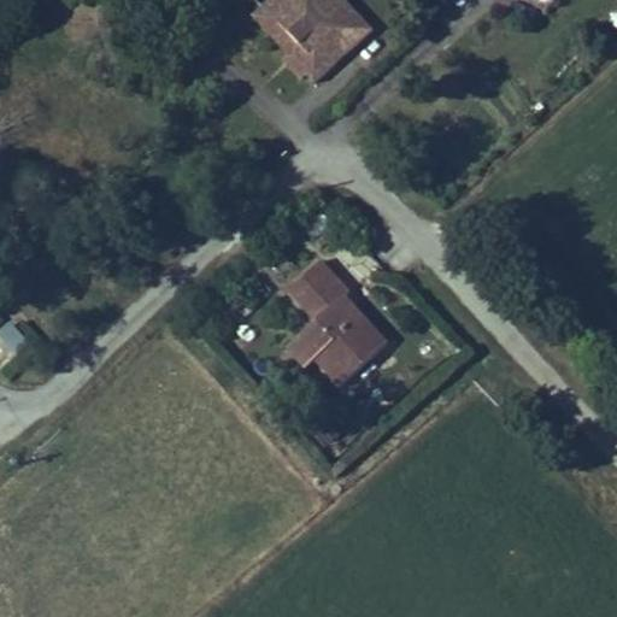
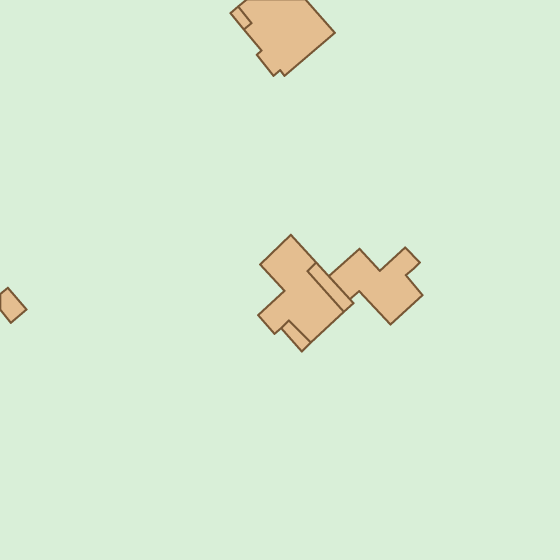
building: none -> [329,248,423,324]

